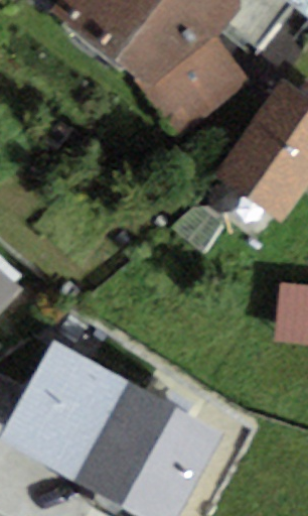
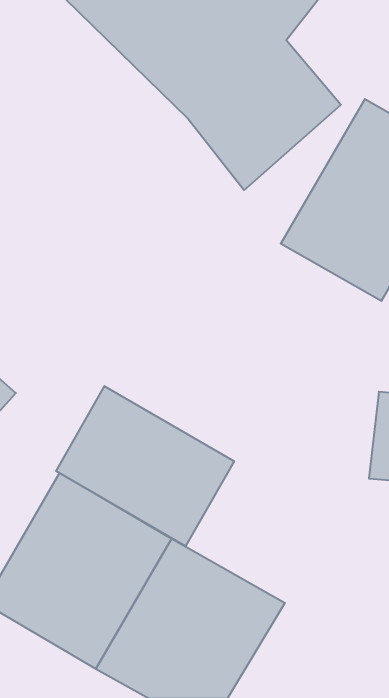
building: none -> [56,386,234,546]

